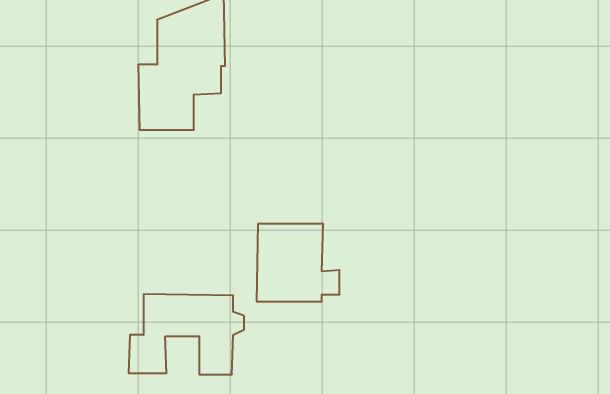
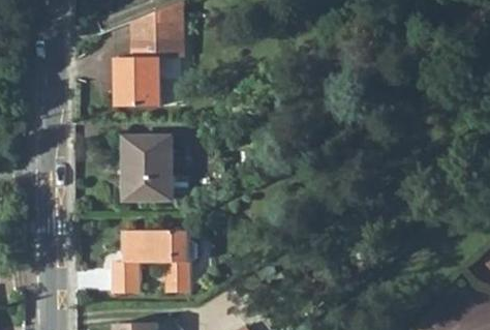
building: [257,224,340,301] -> [122,139,185,198]

